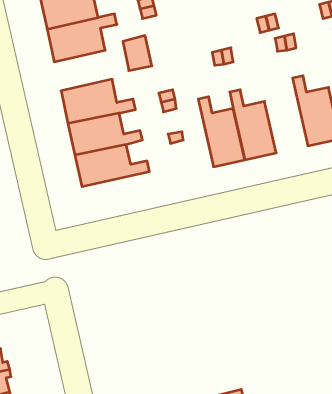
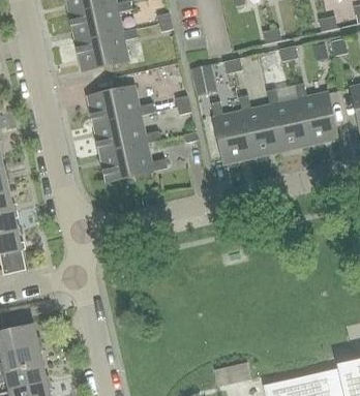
building: [123,36,152,71] -> [190,63,216,94]
building: none -> [266,89,307,151]

